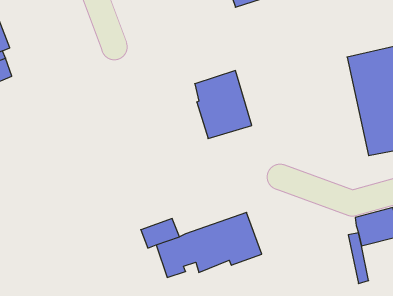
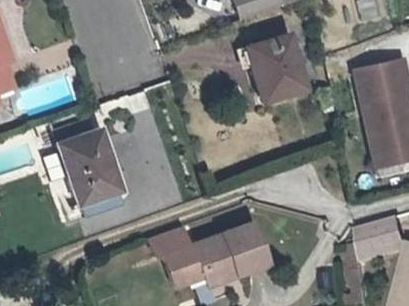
building: [195,71,252,139] -> [249,33,305,100]
building: none -> [59,127,121,222]

